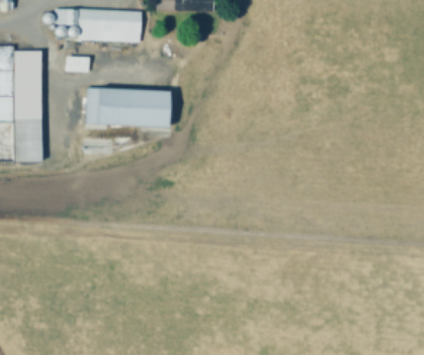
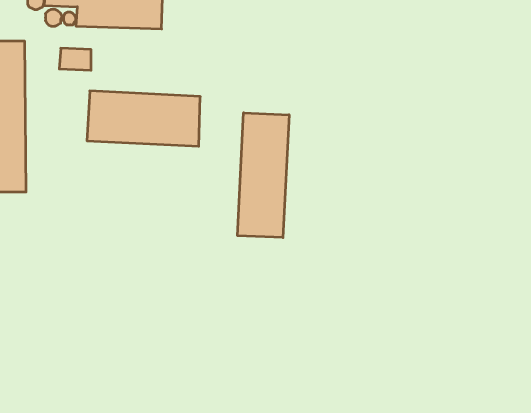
building: none -> [238,113,289,238]

